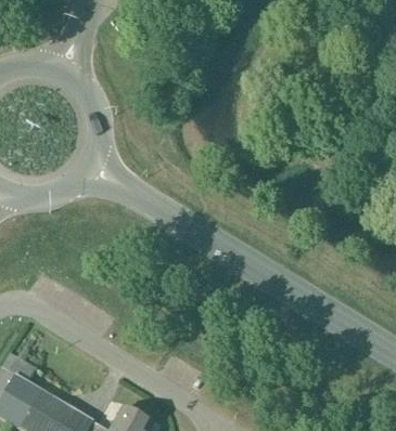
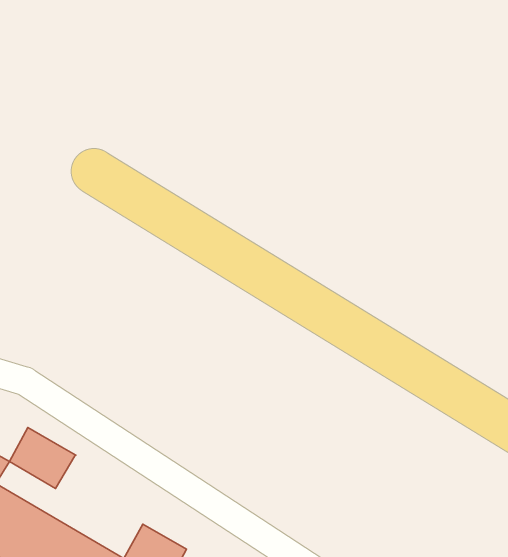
building: none -> [9,428,76,488]

